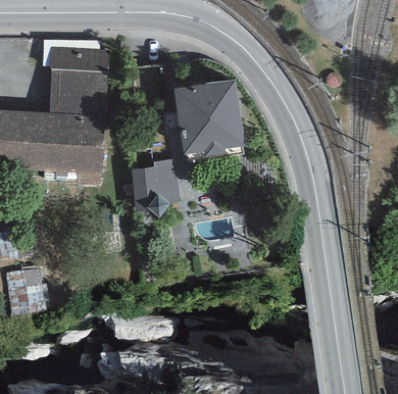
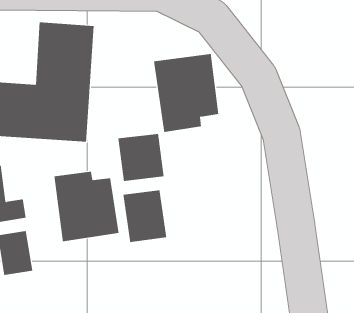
building: none -> [54,171,119,242]
building: none -> [123,189,167,243]

